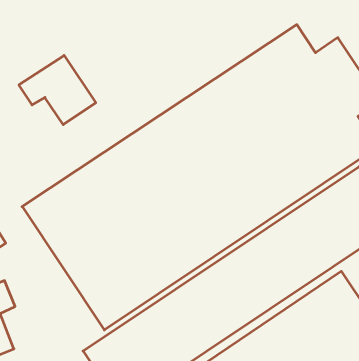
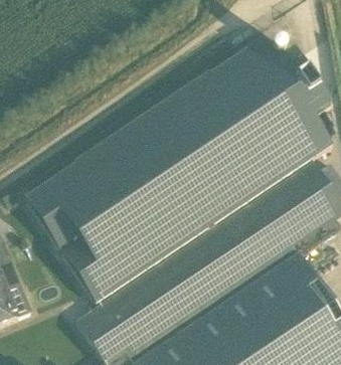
building: [19,55,96,125] -> none

